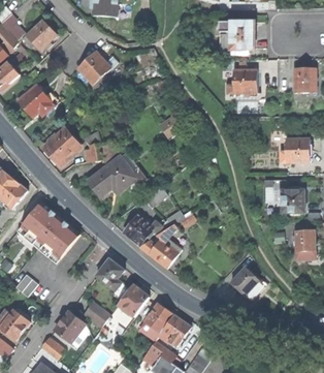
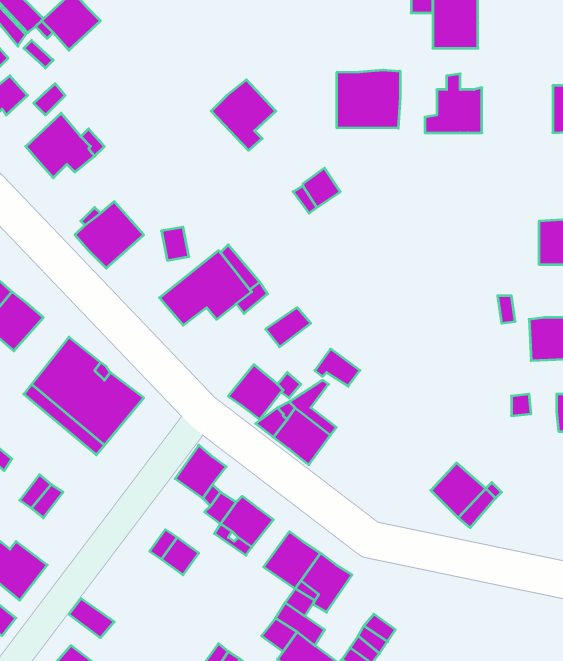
building: [77,52,111,89] -> [211,80,276,150]
building: none -> [337,70,400,128]
building: [54,311,85,343] -> none

